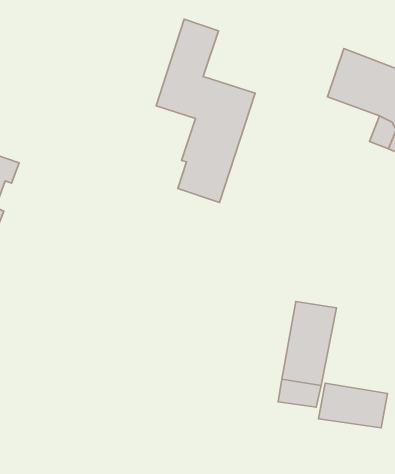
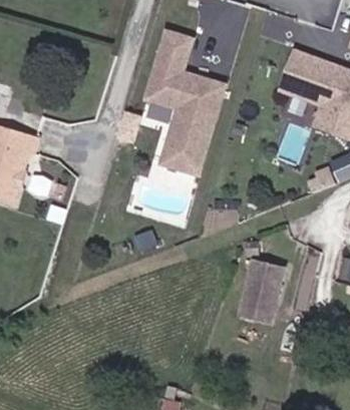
building: [319,383,387,428] -> none

